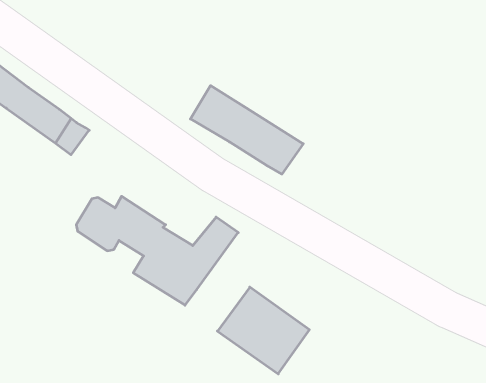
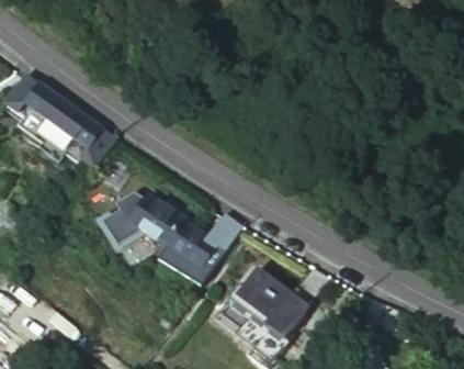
building: [190,86,303,174] -> none

